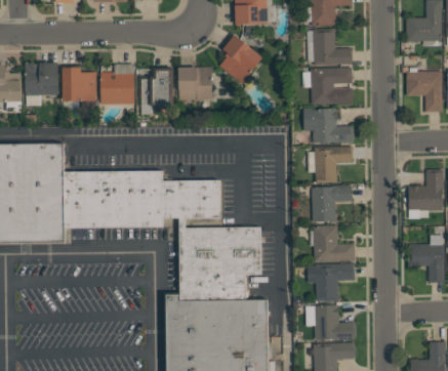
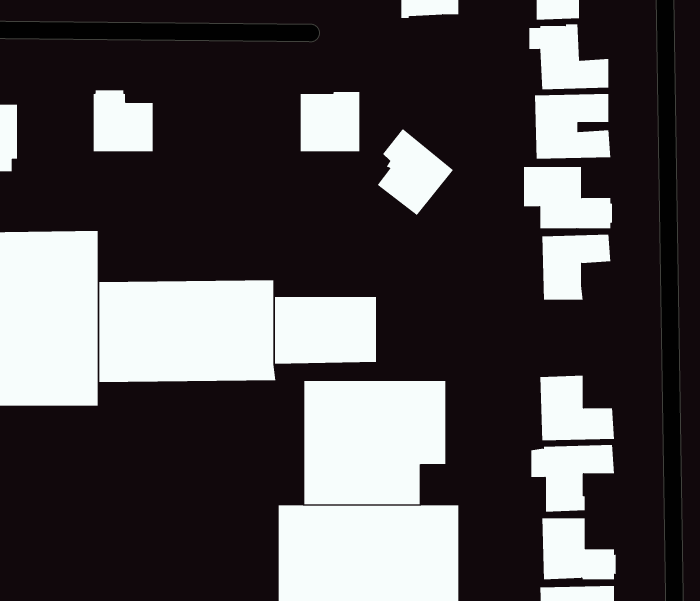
building: [219,34,262,83] -> [377,128,454,216]
building: [25,63,58,95] -> none
building: [99,64,133,104] -> none
building: [138,68,173,106] -> none
building: [311,184,353,222] -> none

